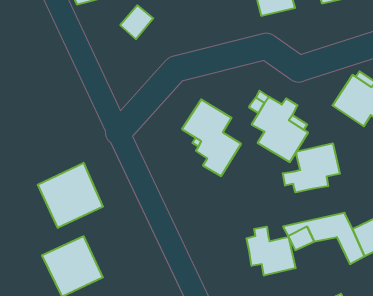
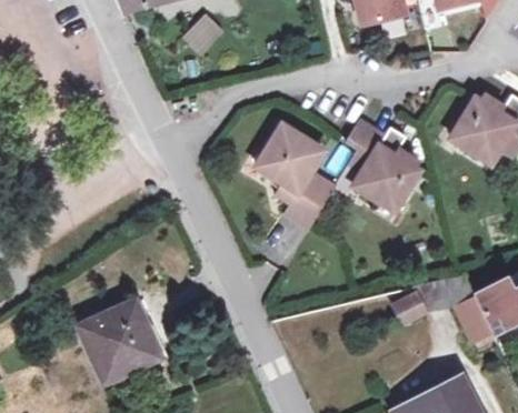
building: [283,143,340,192] -> none
building: [38,163,103,228] -> none
building: [247,227,296,276] -> none

